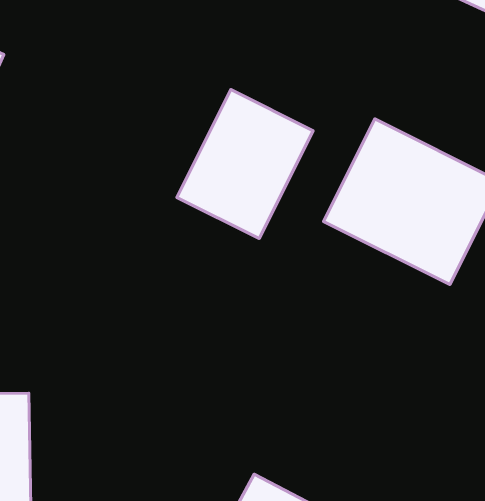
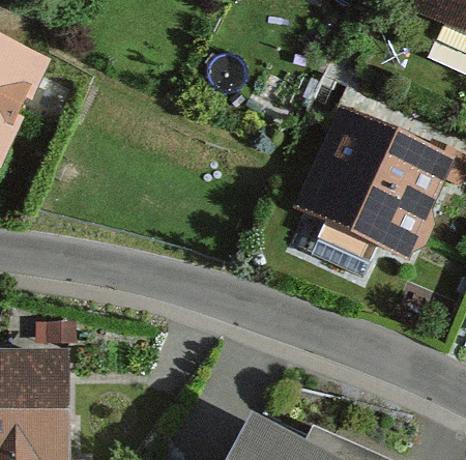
building: [177,90,313,239] -> none

